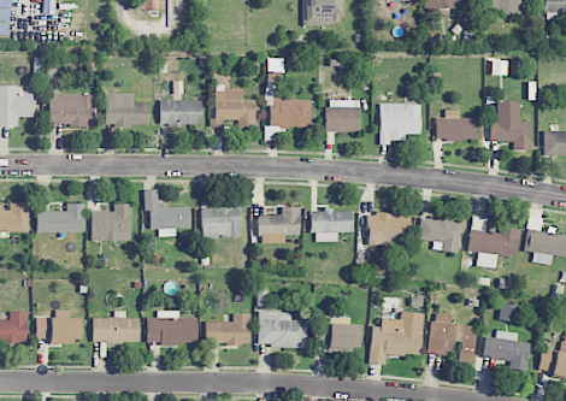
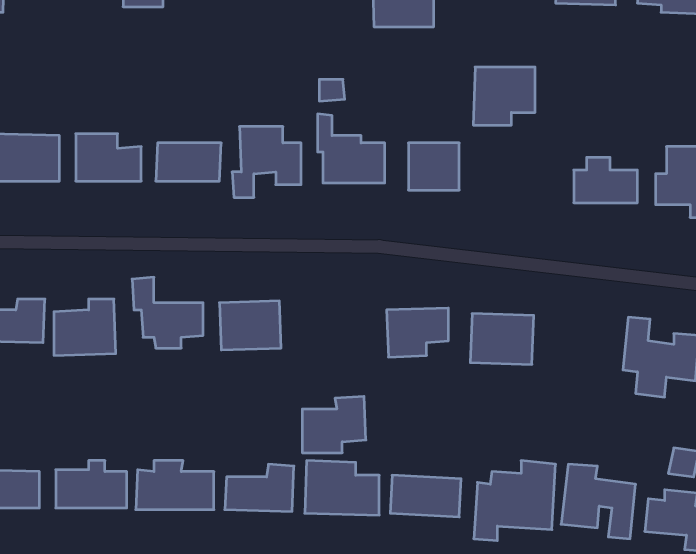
building: [379,104,420,142] -> [473,67,535,125]
building: [259,206,301,243] -> [302,396,366,453]
building: [419,217,461,252] -> none

